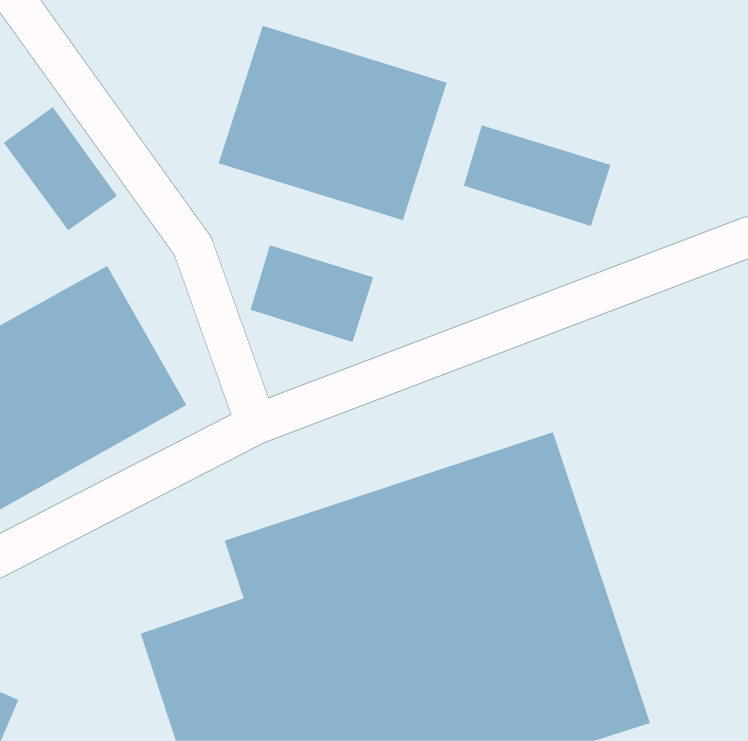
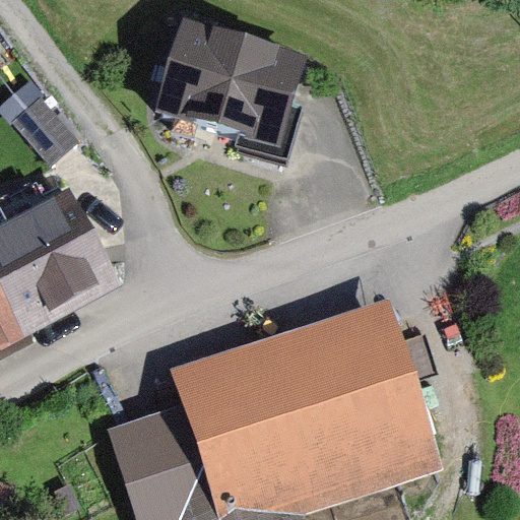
building: [463,124,611,227] -> none
building: [250,245,374,343] -> none

